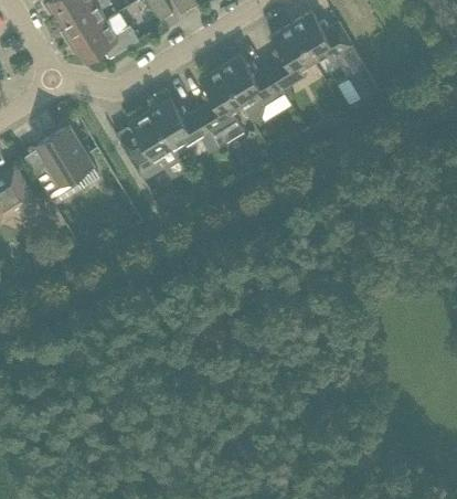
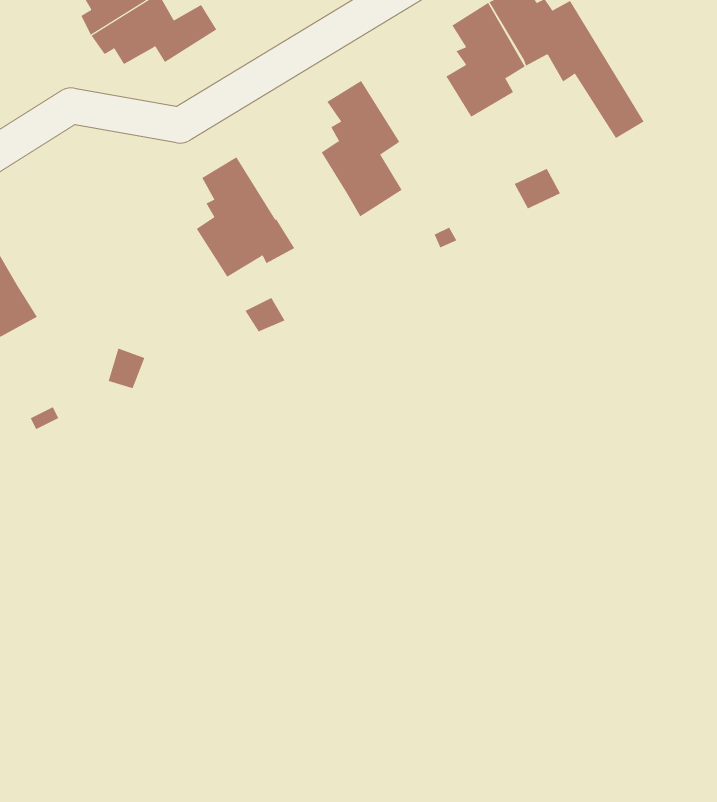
building: [219,54,284,121] -> none
building: [148,97,210,146] -> none
building: [33,125,98,203] -> none

